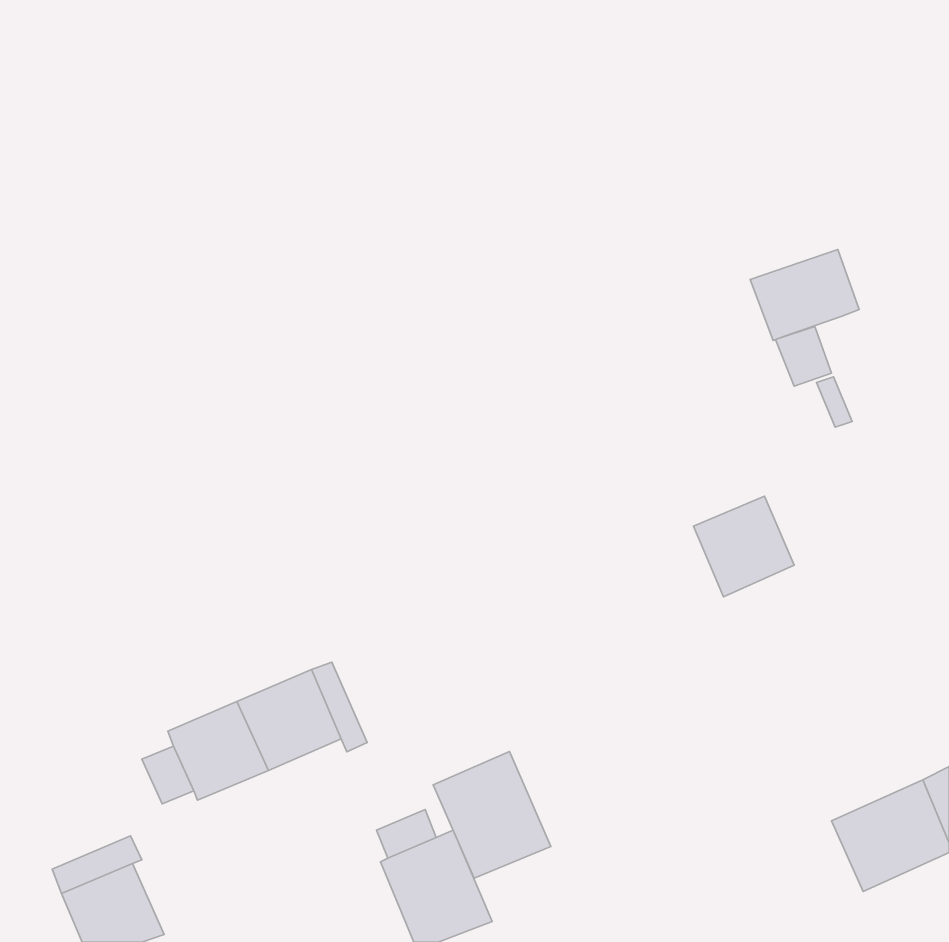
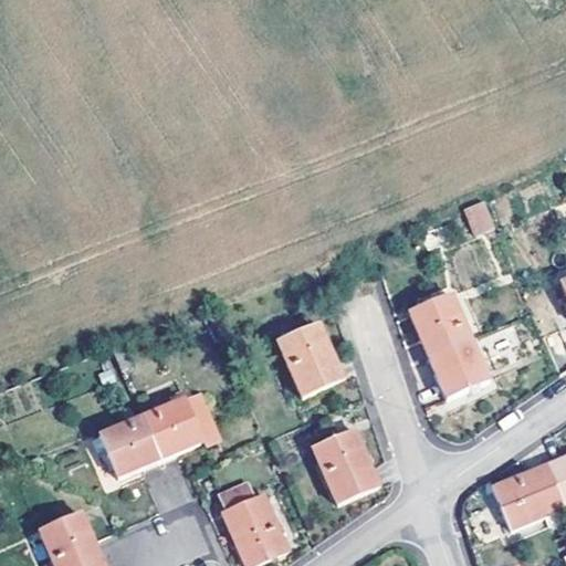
building: [750,250,859,340] -> none
building: none -> [277,324,344,396]
building: none -> [429,335,490,397]
building: [433,751,551,878] -> [312,426,381,501]

